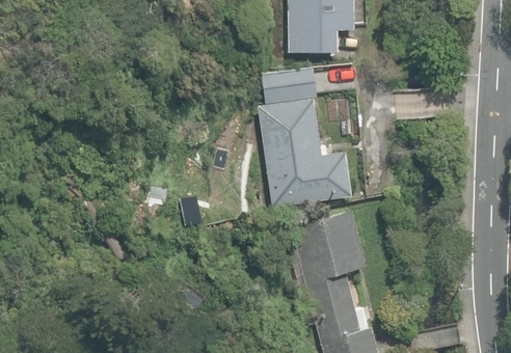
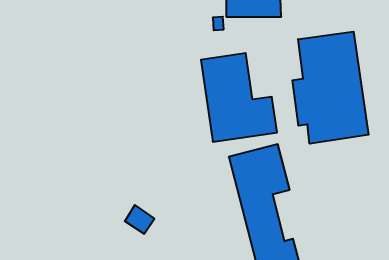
building: [259,65,315,102] -> none
building: none -> [292,32,369,144]

